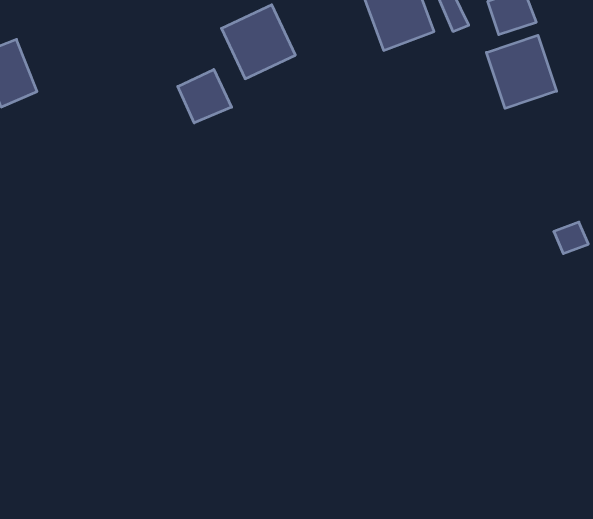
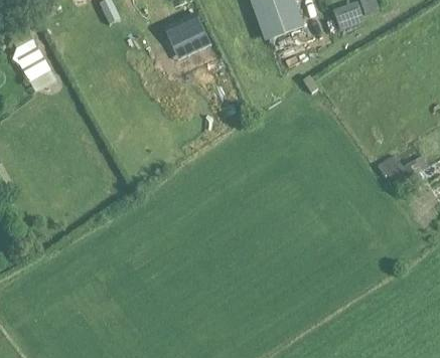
building: [486,35,557,108] -> none
building: [178,69,232,123] -> none

